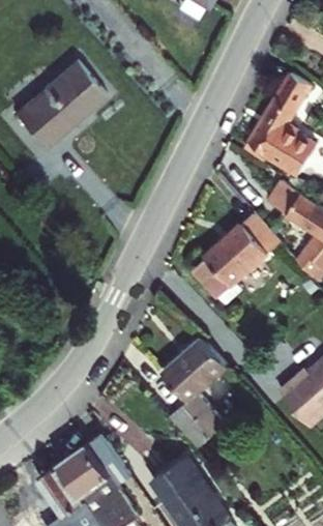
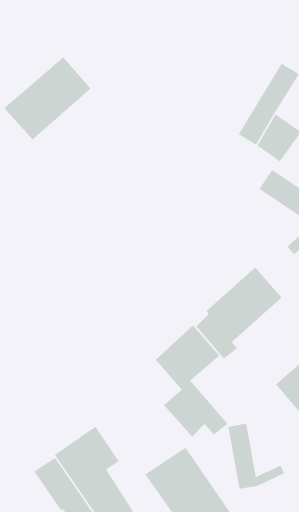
building: [193,209,280,302] -> [195,266,283,360]
building: none -> [228,423,285,489]

